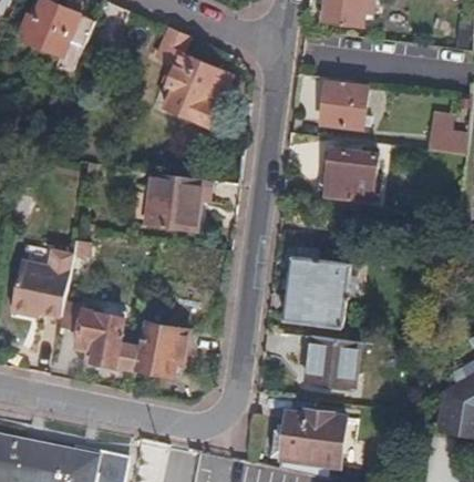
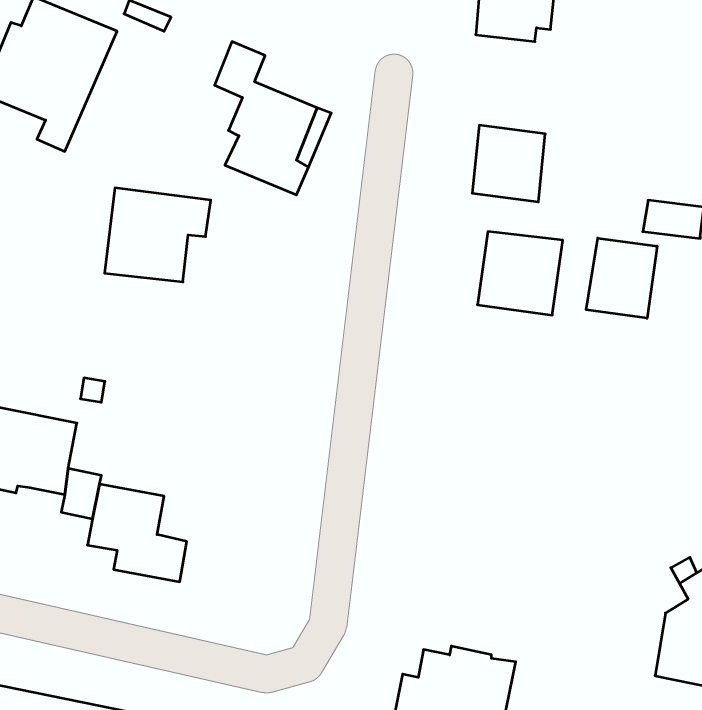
building: none -> [586,238,657,318]
building: [145,172,213,232] -> [105,188,211,282]
building: [282,249,348,329] -> none
building: [134,320,184,377] -> none
building: [305,336,358,386] -> none

